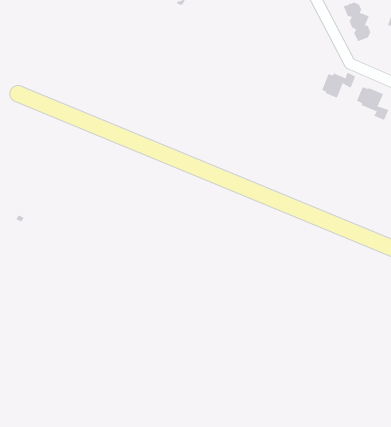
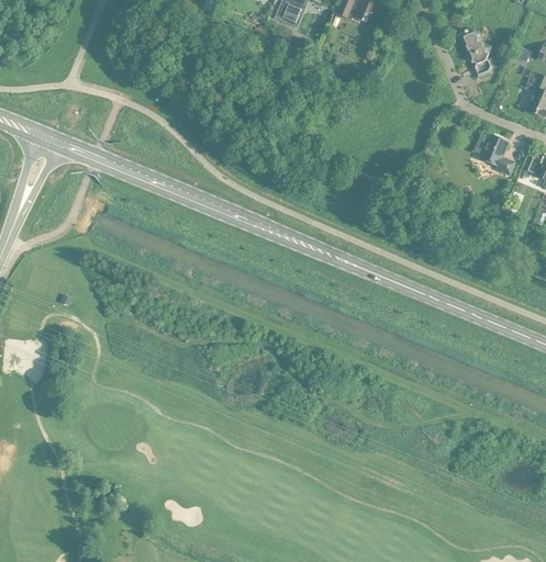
building: [321,72,356,99] -> none

